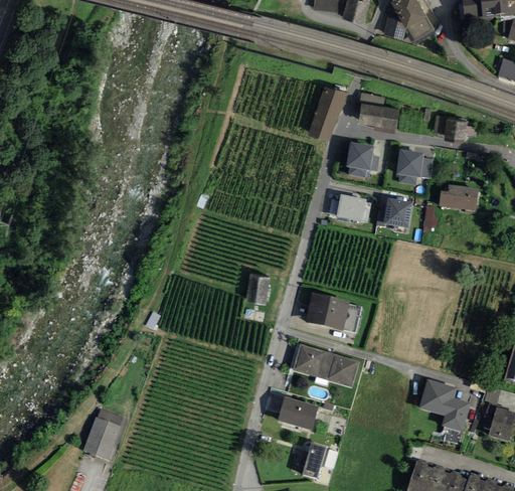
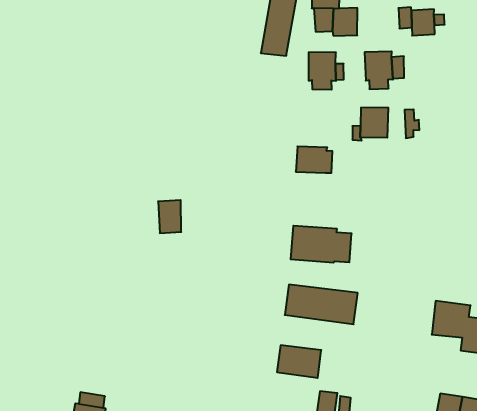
building: [439,183,479,210] -> none
building: [336,193,371,221] -> [296,146,332,173]
building: [246,275,270,305] -> [158,200,181,233]

